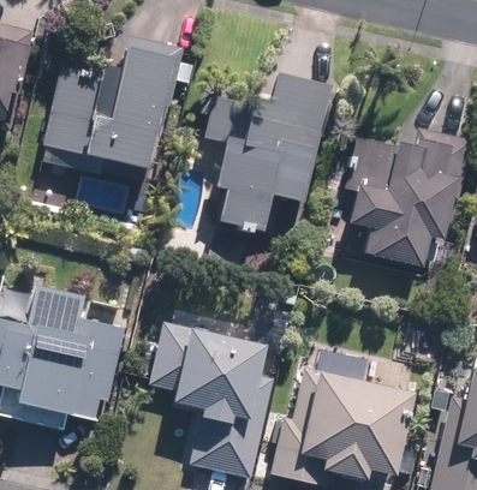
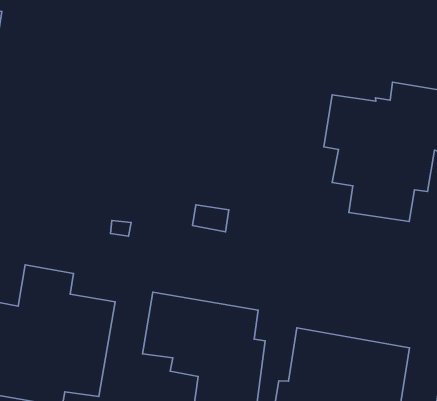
building: [42,35,183,181] -> none
building: [204,73,330,234] -> none

